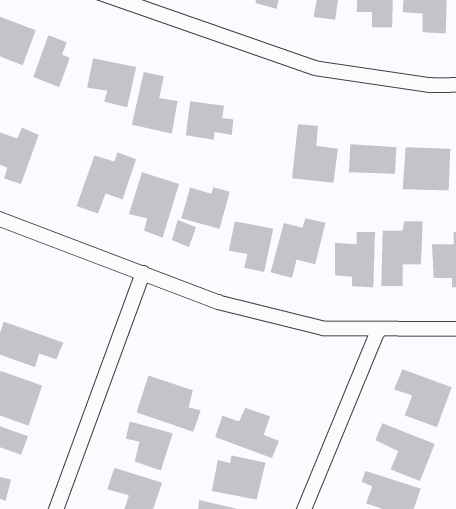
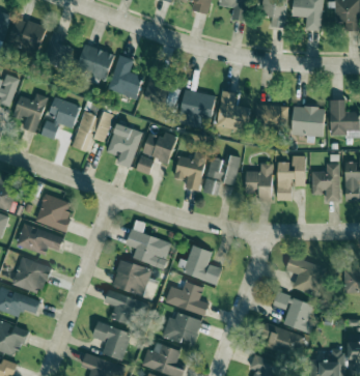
building: none -> [181,89,216,124]
building: none -> [41,97,80,138]
building: none -> [35,193,73,230]
building: none -> [127,219,171,268]
building: none -> [183,244,223,285]

